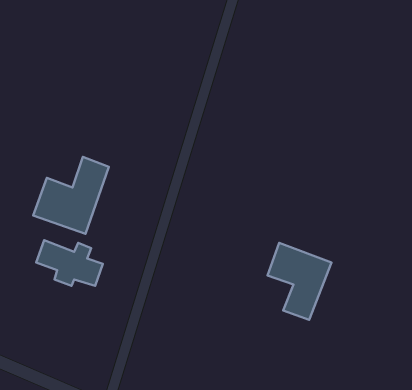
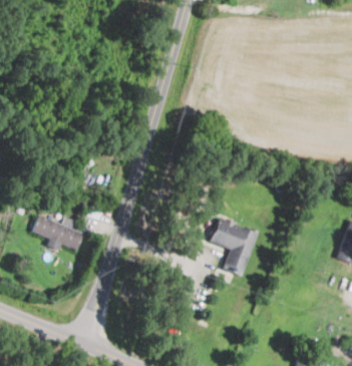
building: [33,157,109,234] -> none

